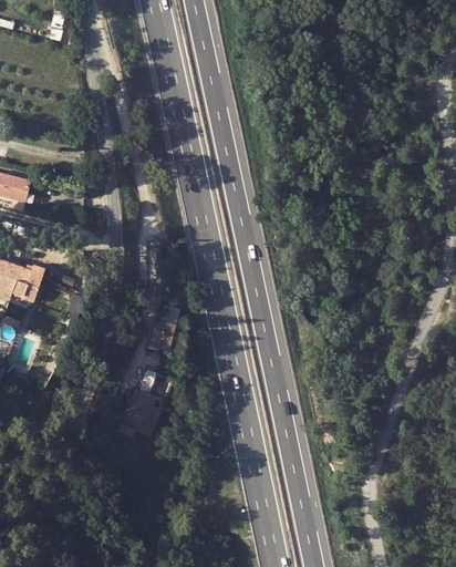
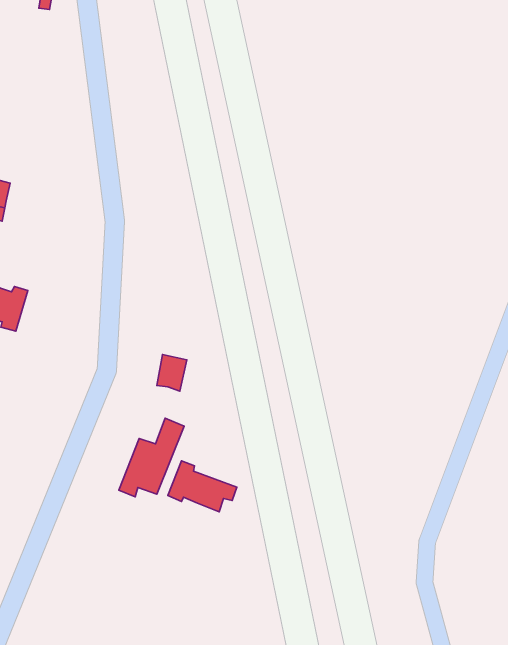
building: none -> [168,461,237,512]

